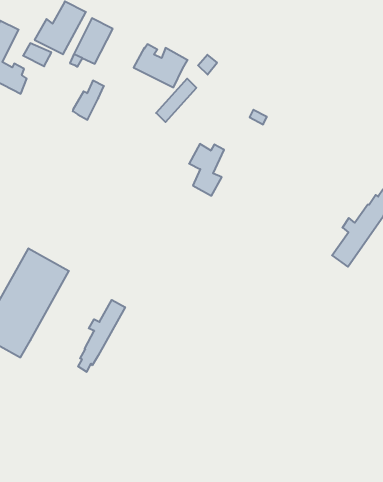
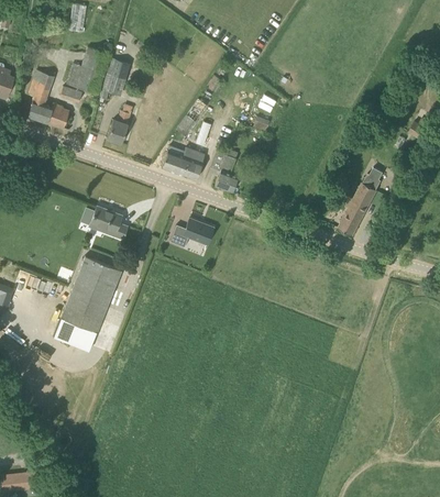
building: [134,44,188,87] -> [161,146,205,179]
building: none -> [90,206,127,240]
building: none -> [169,218,213,247]
building: [78,300,125,372] -> none

